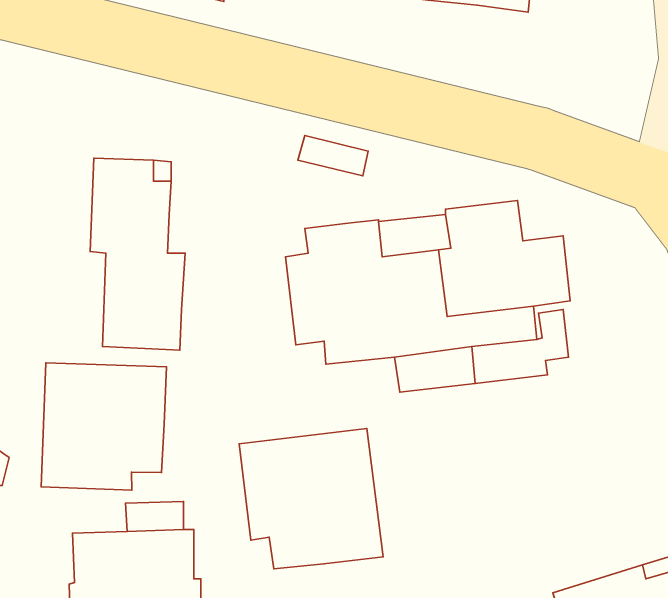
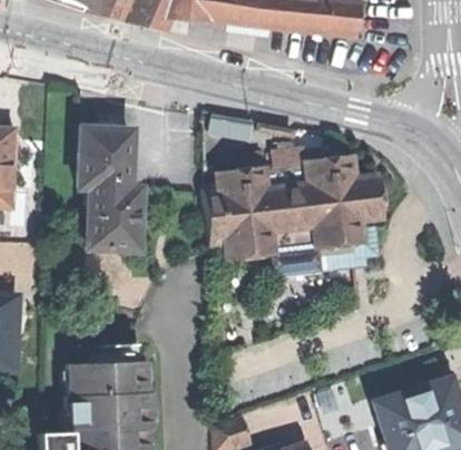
building: [41,363,167,490] -> none
building: [239,428,383,569] -> none

